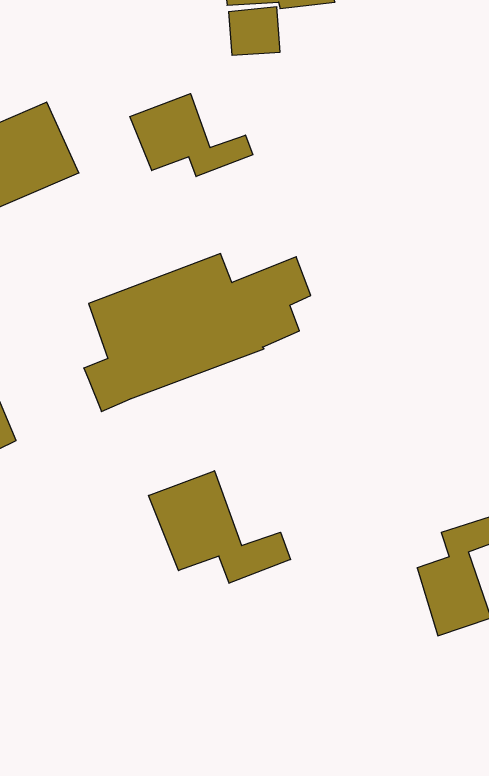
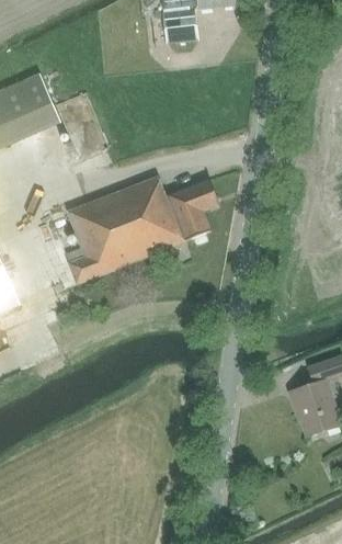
building: [130,94,253,177] -> none
building: [149,471,291,583] -> none

